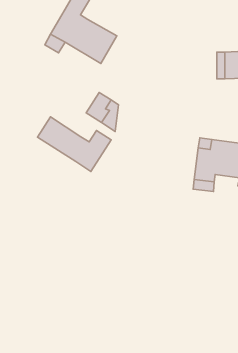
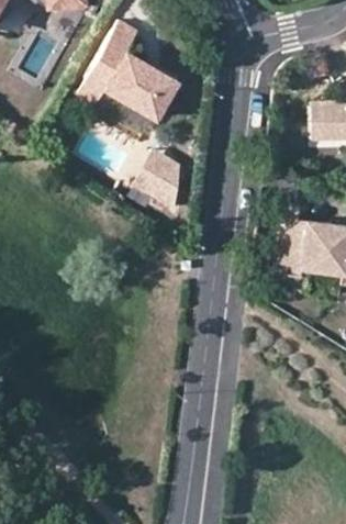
building: [38,117,111,171] -> none

